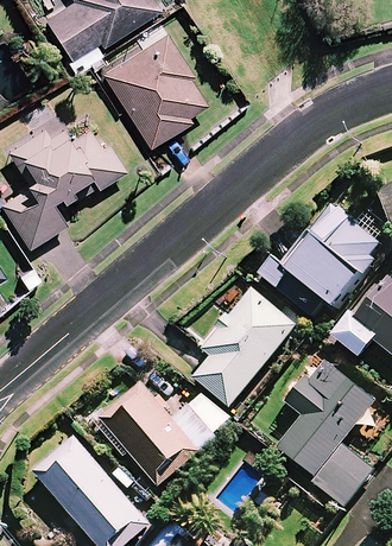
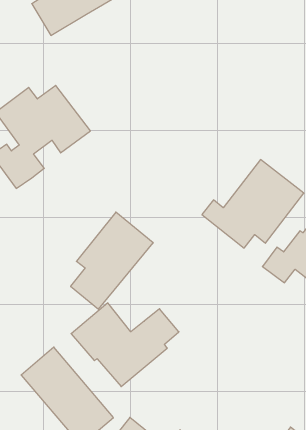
building: [97,30,196,141] -> none
building: [194,286,296,406] -> [71,212,153,309]
building: [279,360,374,506] -> none

